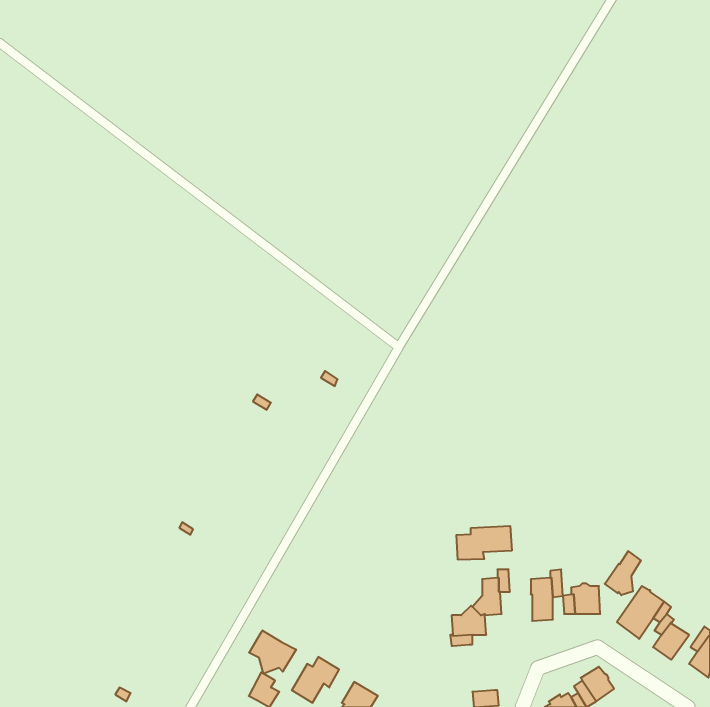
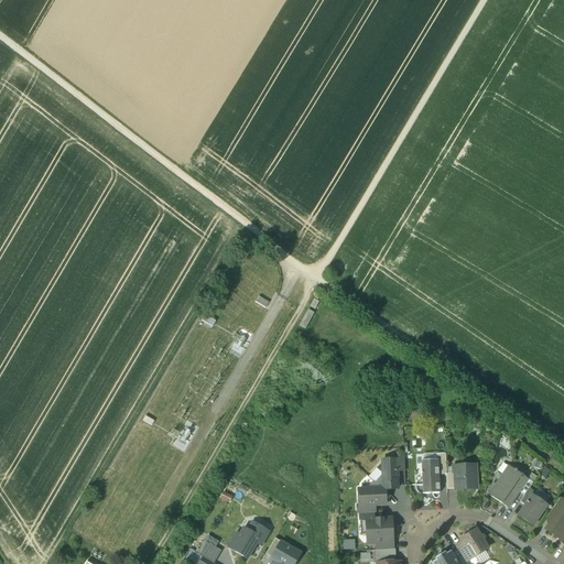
building: [456,526,512,560] -> none
building: [605,551,641,595] -> none
building: [249,630,296,674] -> none
building: none -> [366,517,392,542]

